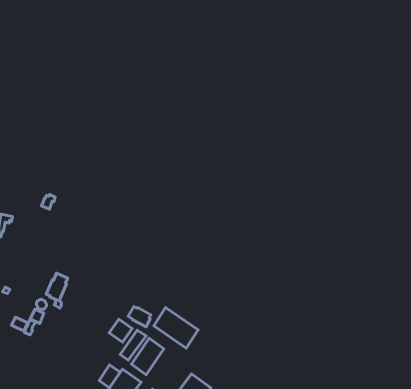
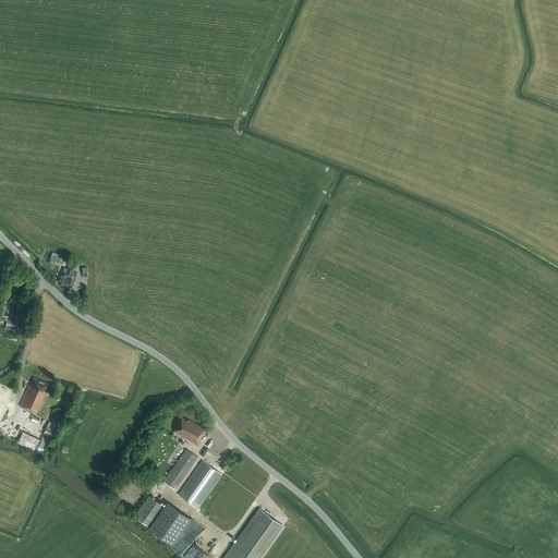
building: [46,273,68,308] -> [19,378,48,425]
building: [154,308,198,348] -> none
building: [109,319,132,342] -> none

